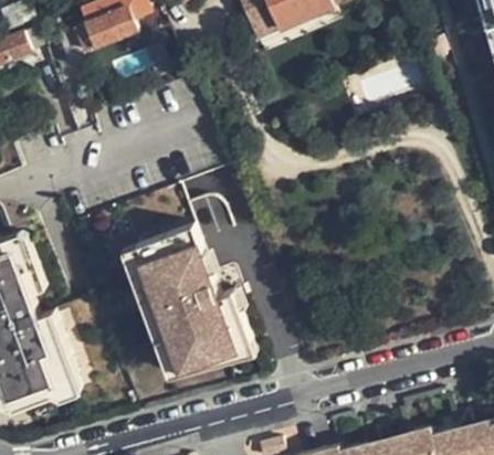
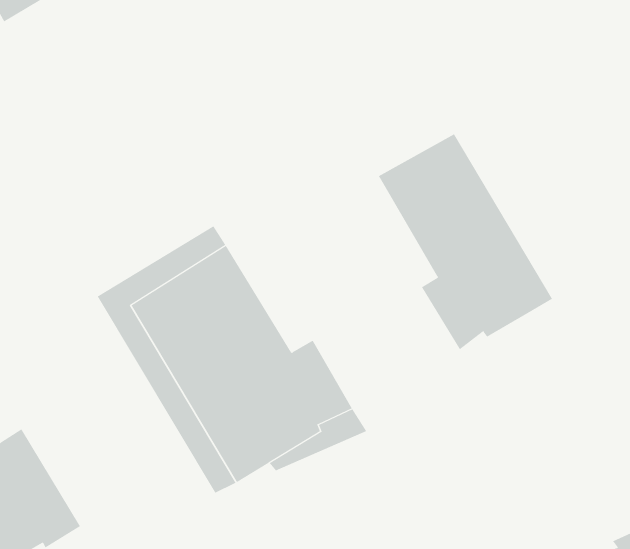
building: none -> [378,133,553,350]

